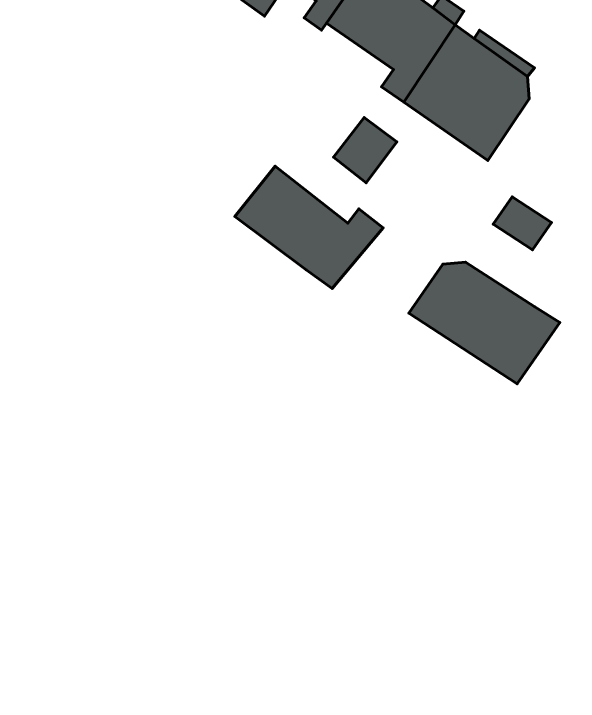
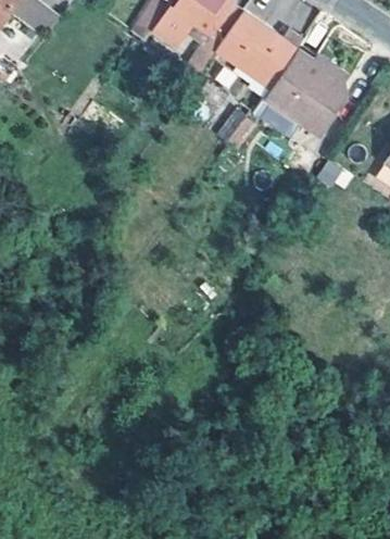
building: [235,166,383,289] -> none
building: [409,262,560,384] -> none

